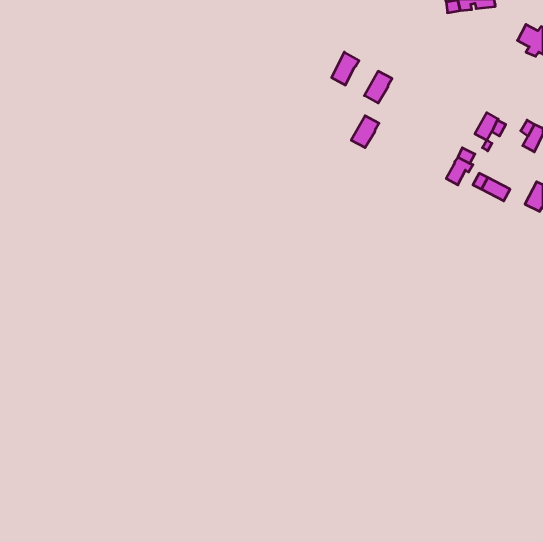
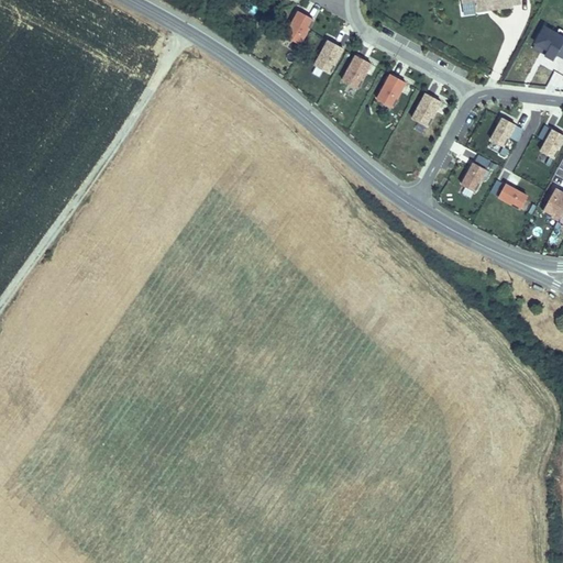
building: none -> [286,10,313,43]
building: none -> [314,40,343,73]
building: [351,116,379,148] -> [412,92,441,125]

